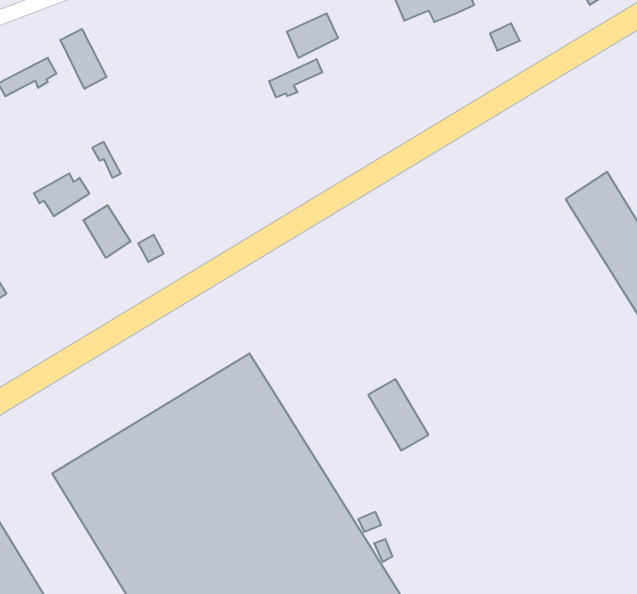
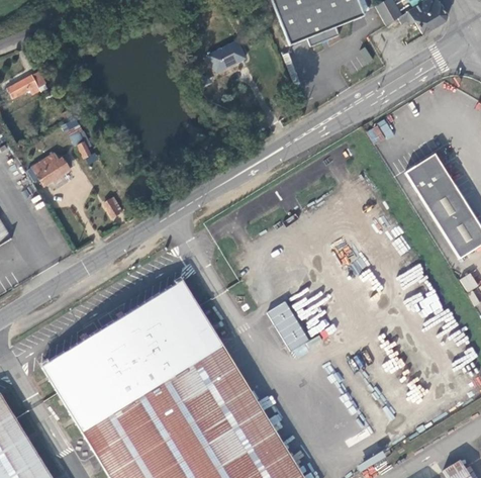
building: [60,29,107,89] -> none
building: [269,59,322,97] -> none
building: [83,205,131,258] -> none

